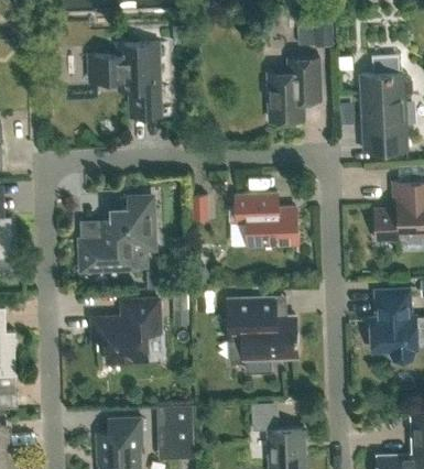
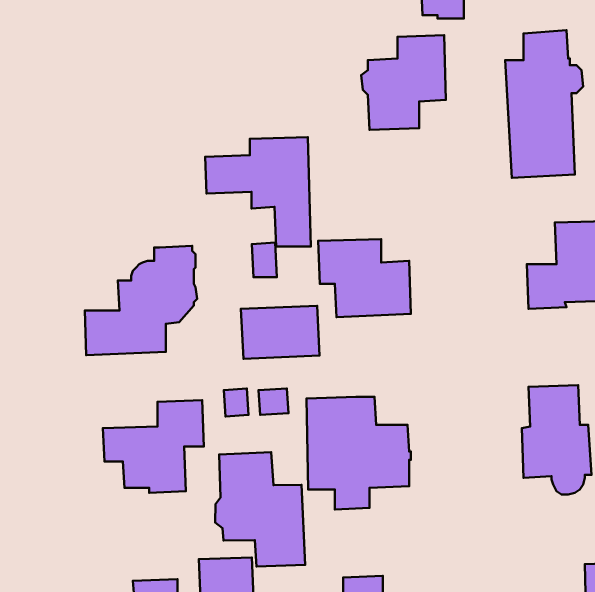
building: [89,44,160,117] -> [205,137,311,247]
building: none -> [241,306,320,359]
building: none -> [215,452,305,567]

